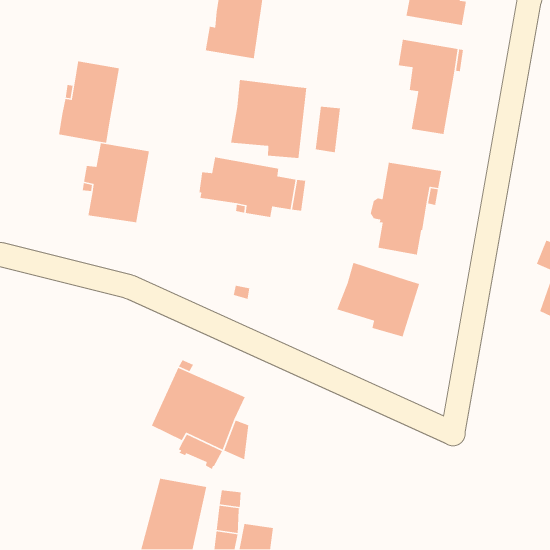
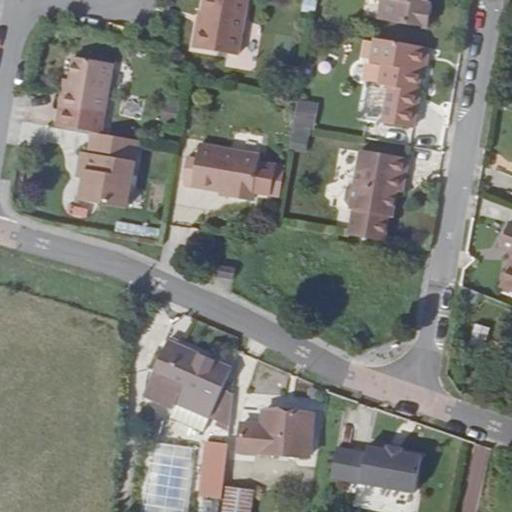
building: [230,79,307,159] -> none
building: [336,262,420,338] -> none
building: none -> [238,409,312,455]
building: none -> [328,447,418,495]

